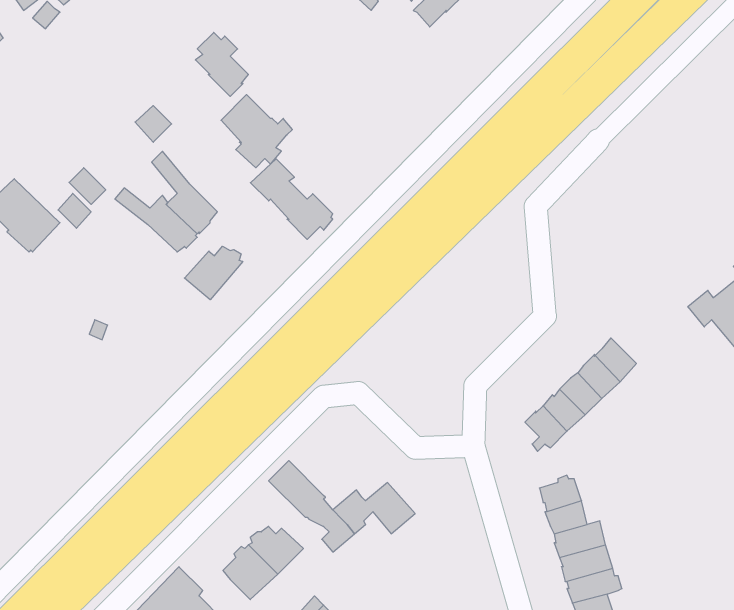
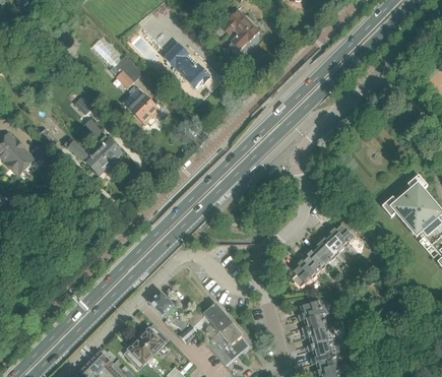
building: [250,159,333,239] -> [164,44,209,88]
building: [184,246,243,300] -> none
building: none -> [206,320,248,365]

